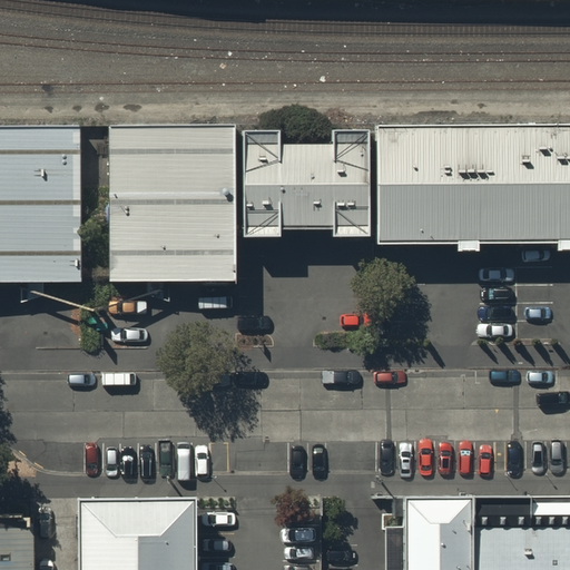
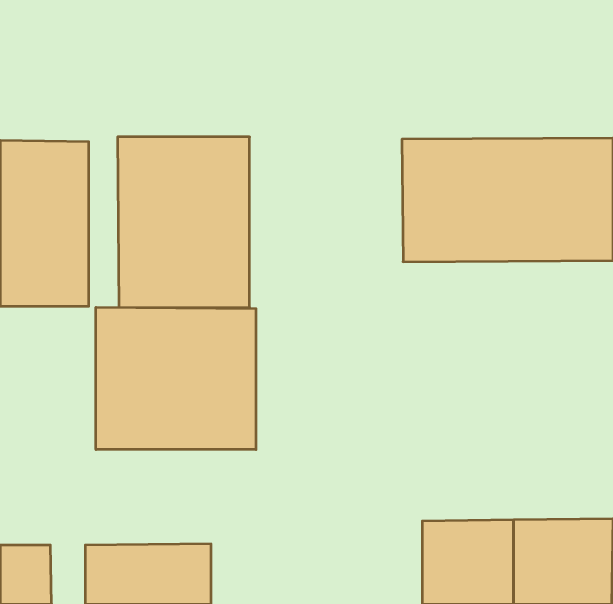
building: [244,134,363,235] -> none
building: none -> [96,307,256,450]

